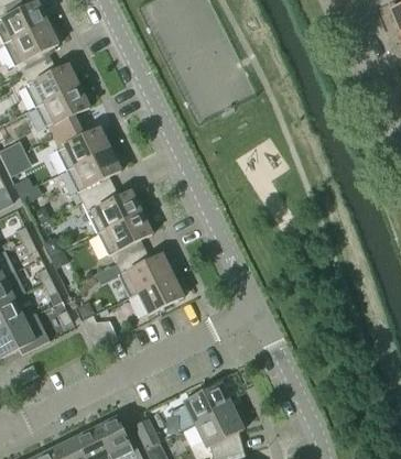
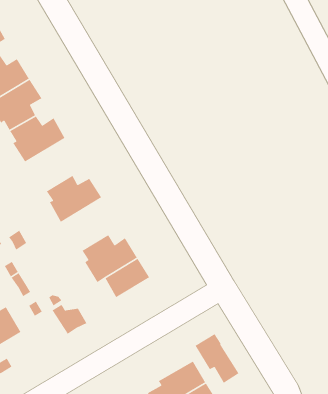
building: [67,149,121,200] -> none
building: [98,211,152,263] -> none
building: none -> [195,333,239,384]

